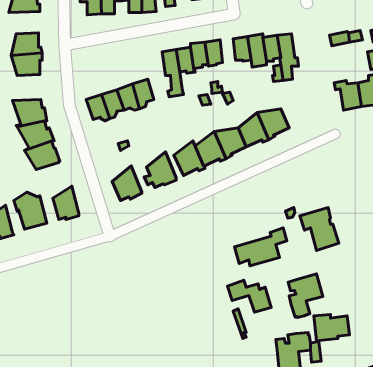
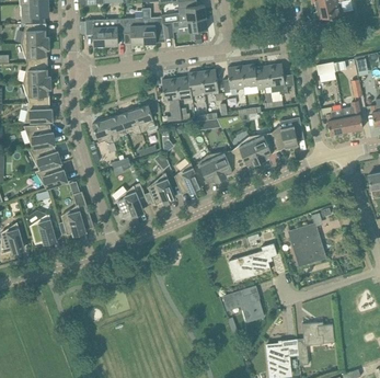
building: none -> [21,43,49,64]
building: none -> [24,101,53,122]
building: none -> [272,119,301,150]
building: [288,274,323,318] -> none

